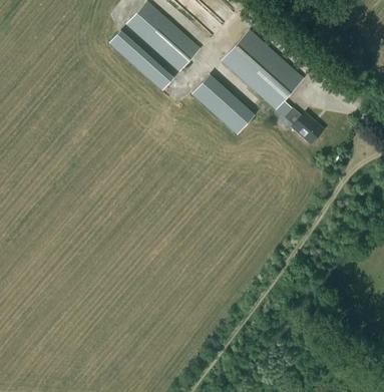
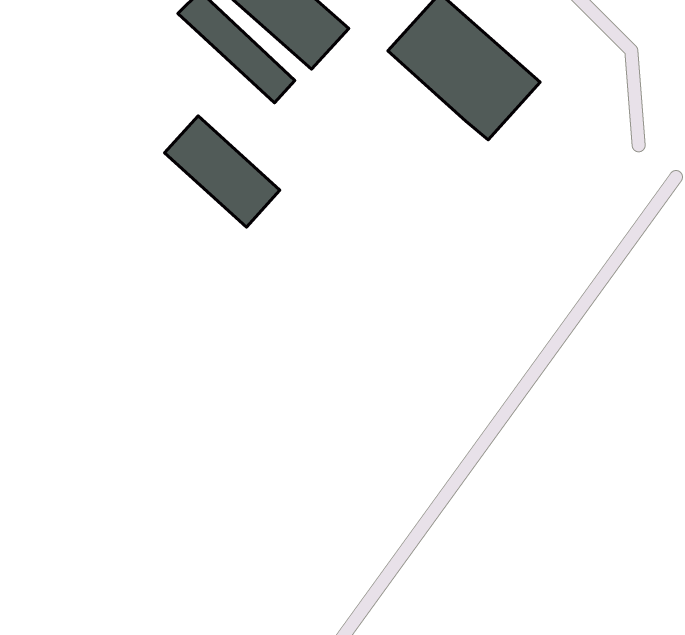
building: [191,70,254,130] -> [165,116,280,227]
building: [285,108,324,144] -> none

